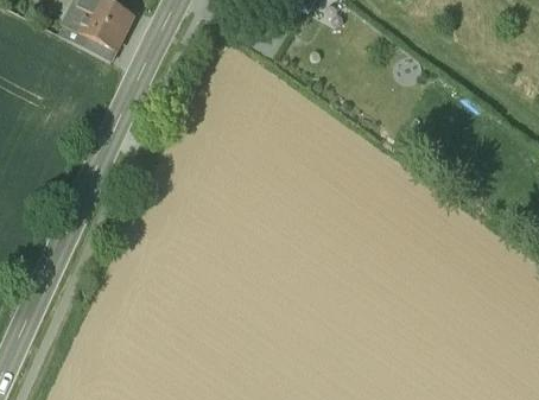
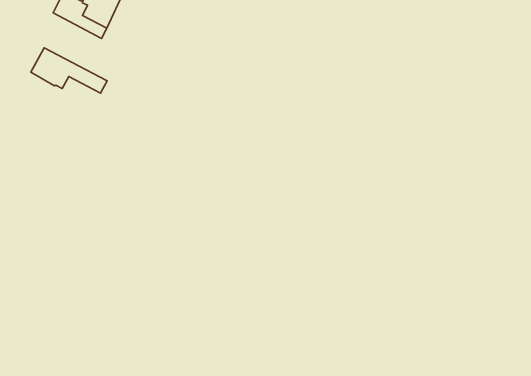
building: none -> [31,48,107,93]

